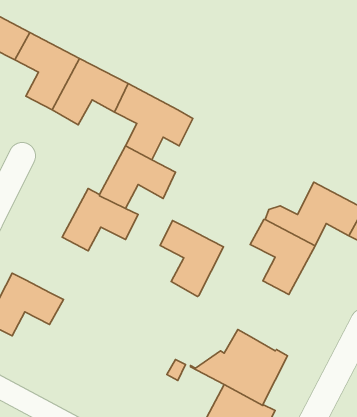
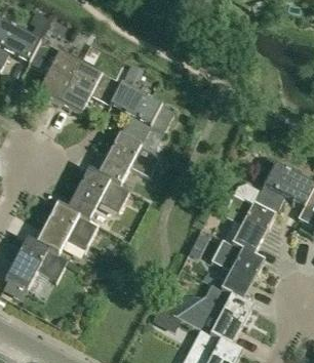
building: [160,220,224,297] -> [211,239,264,301]
building: none -> [36,203,99,254]

